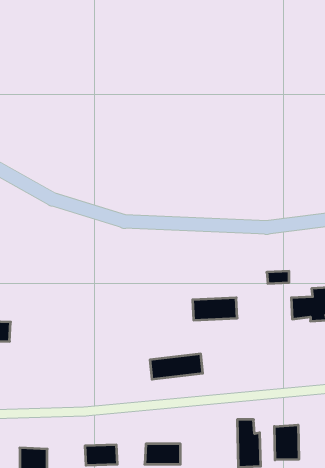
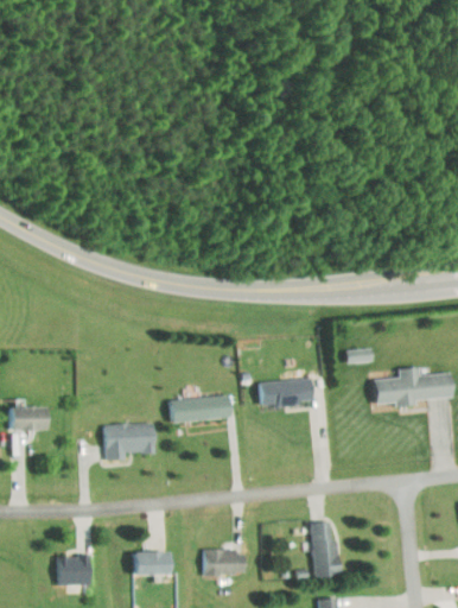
building: none -> [103,422,154,460]
building: [150,354,203,379] -> [168,393,230,423]
building: [274,425,299,460] -> none

